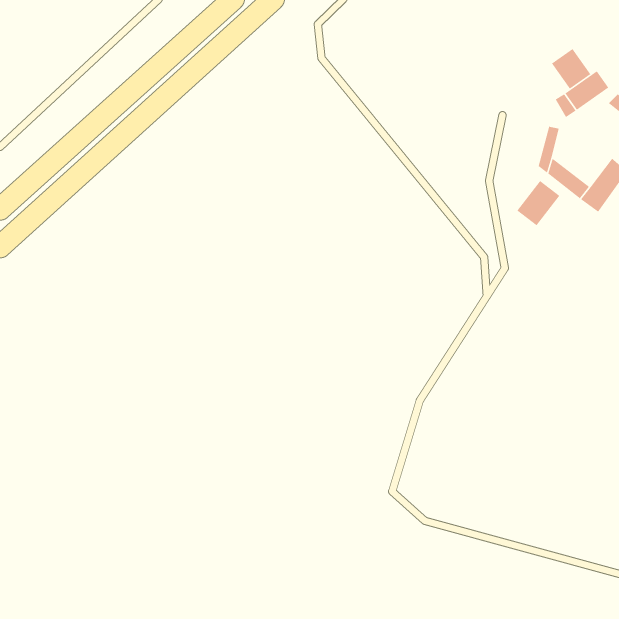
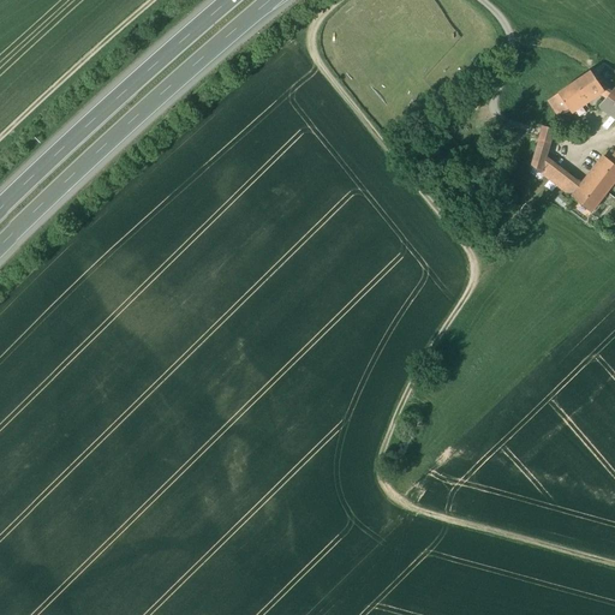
building: [551,48,591,90] -> none
building: [517,180,560,226] -> none

